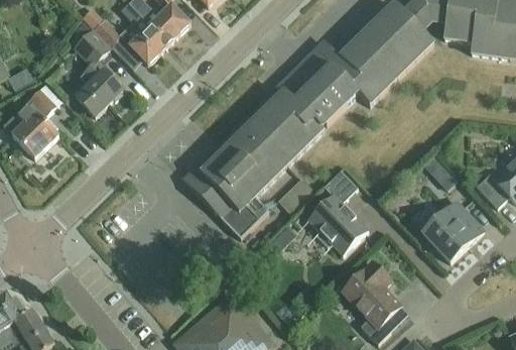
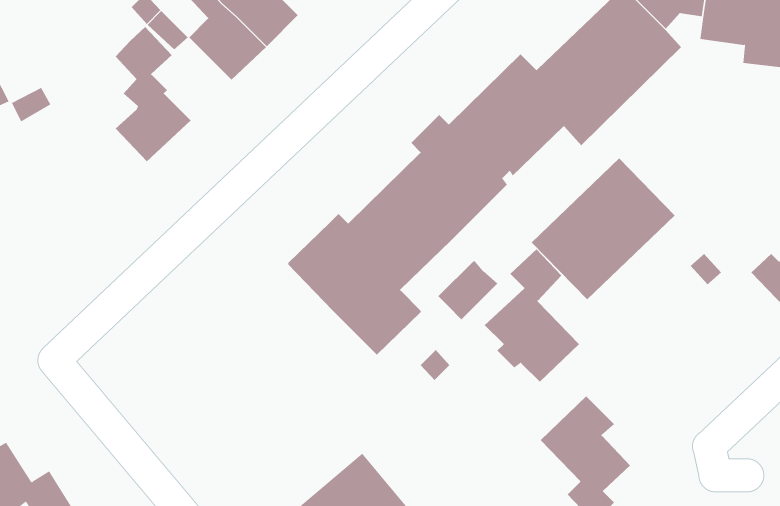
building: [12,81,61,156] -> none
building: none -> [531,157,676,300]
building: [422,199,484,260] -> none

